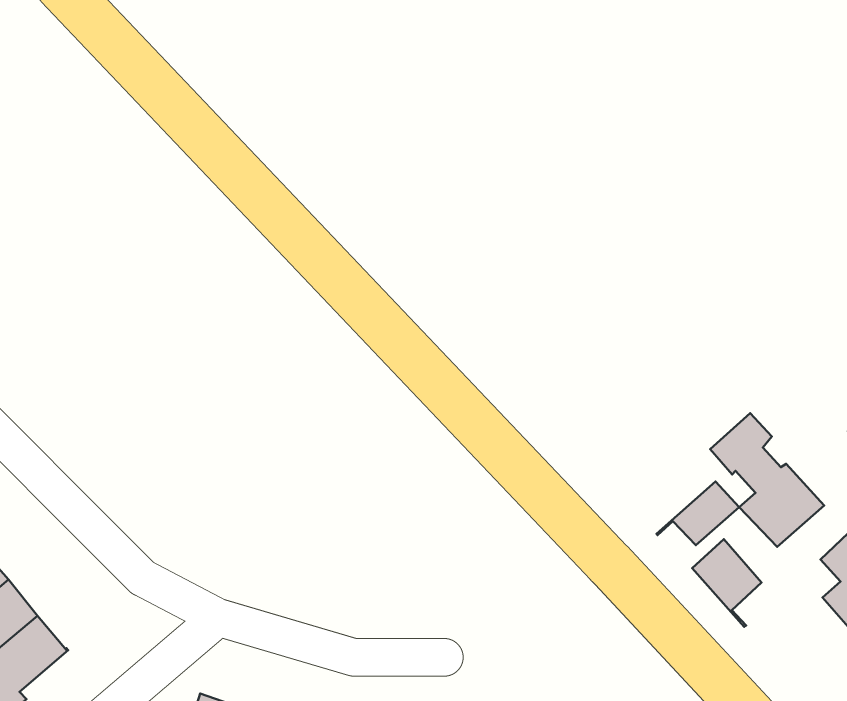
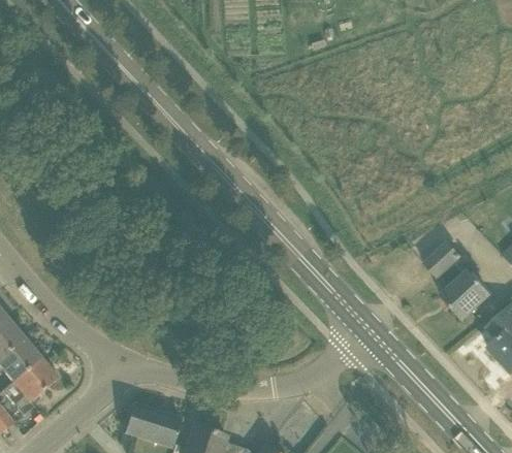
building: [656,482,739,545] -> none
building: [692,539,762,627] -> none

